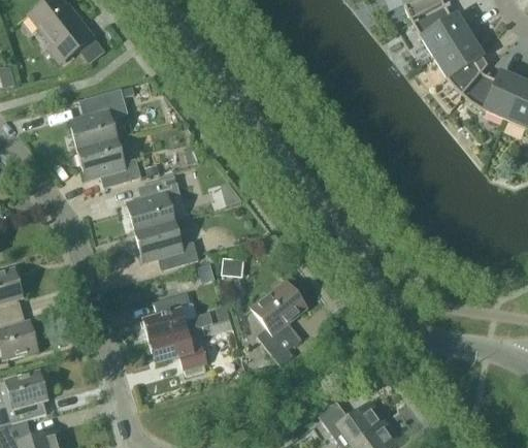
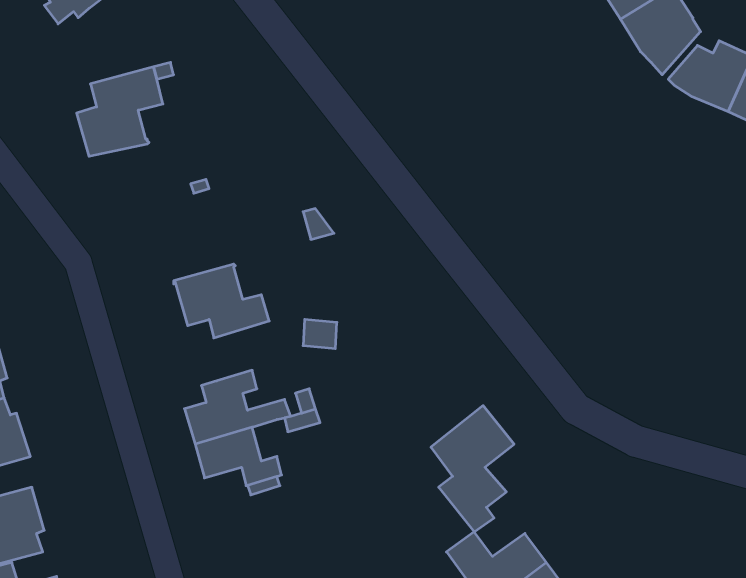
building: [77,140,141,188] -> none
building: [127,177,180,232] -> none
building: [252,281,307,365] -> [431,406,514,532]

